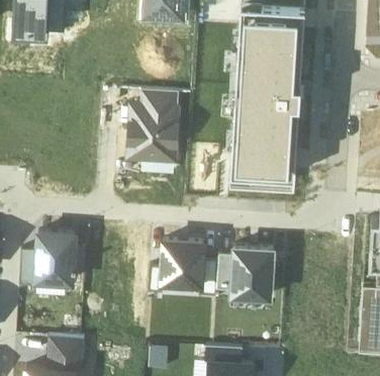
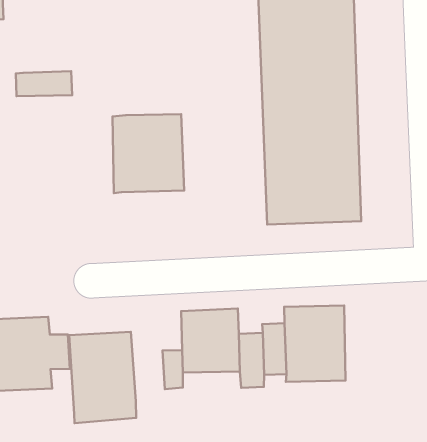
building: [141,90,180,108] -> [16,71,72,96]
building: none -> [69,332,136,423]

